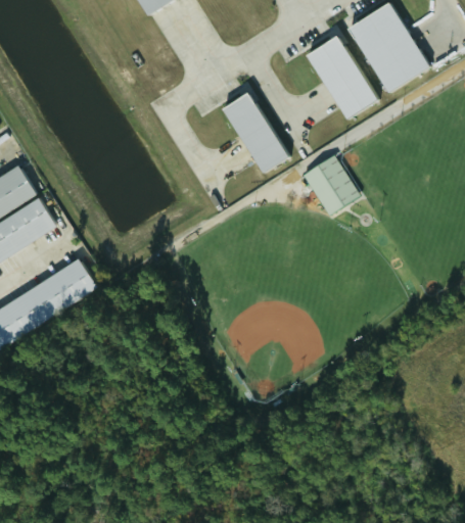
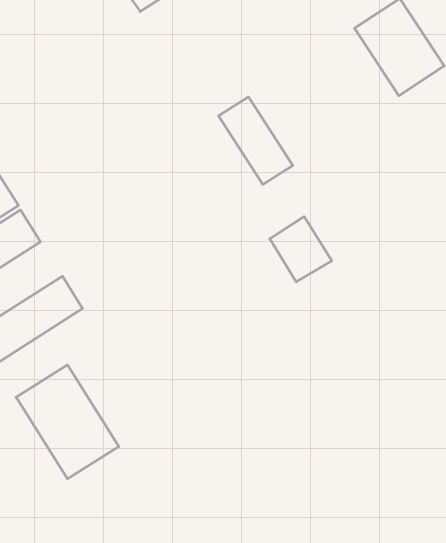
building: [307,36,379,118] -> none
building: [304,155,361,216] -> [270,217,332,282]
building: none -> [16,365,119,479]

